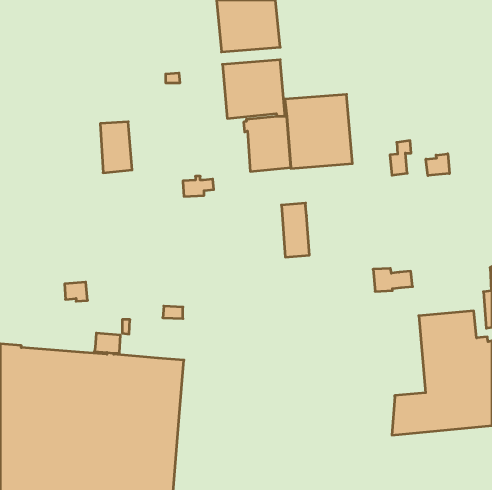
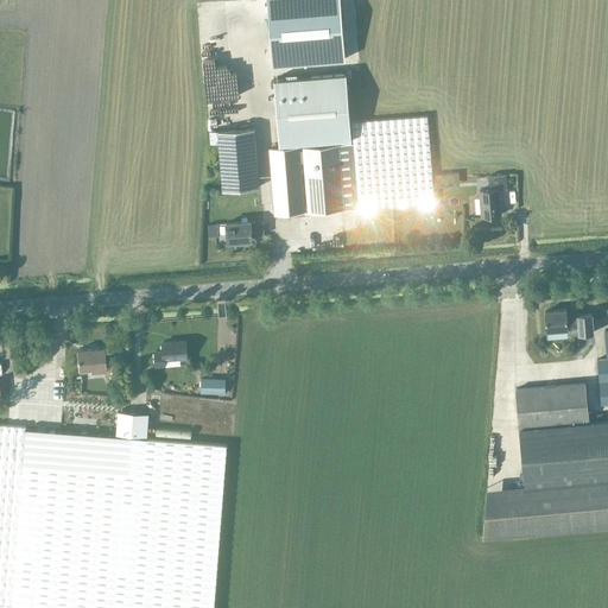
building: [100,122,132,173] -> [218,131,258,194]
building: [426,154,449,176] -> none
building: [281,203,309,257] -> [271,150,305,216]
building: [373,268,413,291] -> [545,312,594,341]
building: none -> [154,343,190,368]

